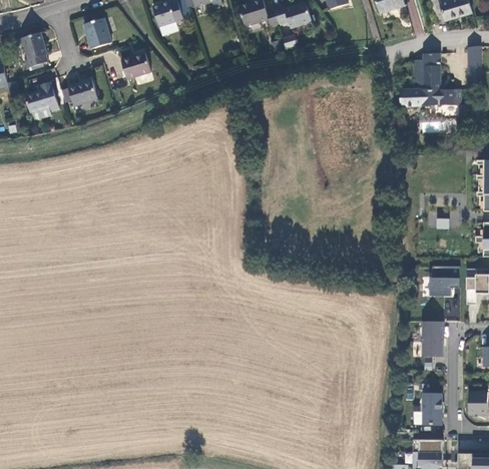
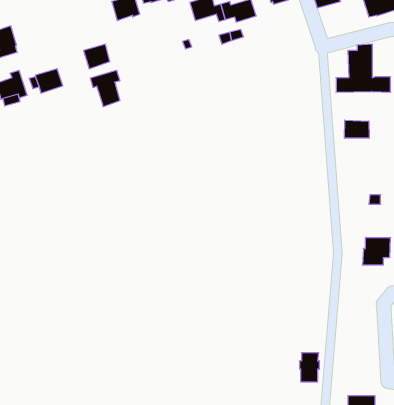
building: [84,17,111,48] -> none
building: none -> [90,70,120,107]
building: none -> [345,120,369,138]
building: [422,321,443,356] -> none
building: [421,393,443,425] -> [300,353,320,382]

